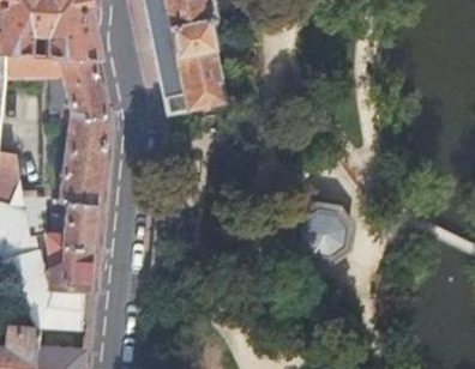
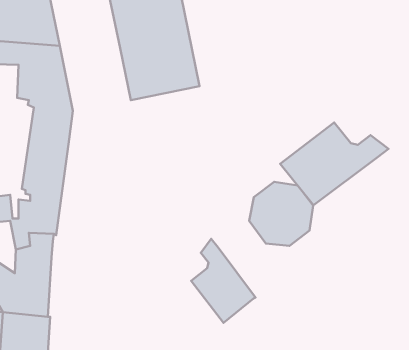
building: none -> [280,123,388,205]
building: none -> [191,239,255,323]

